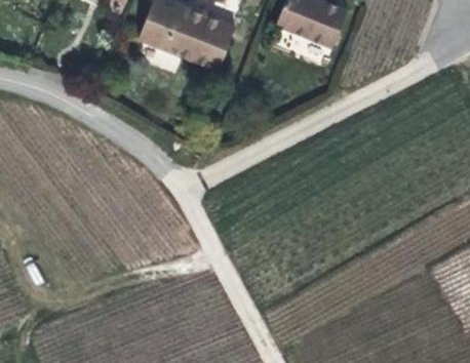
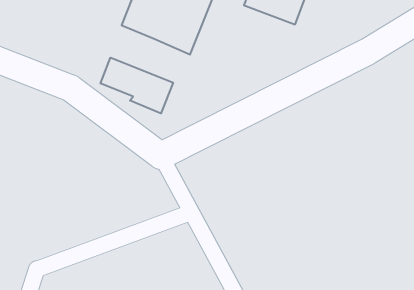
building: none -> [101,58,173,113]

